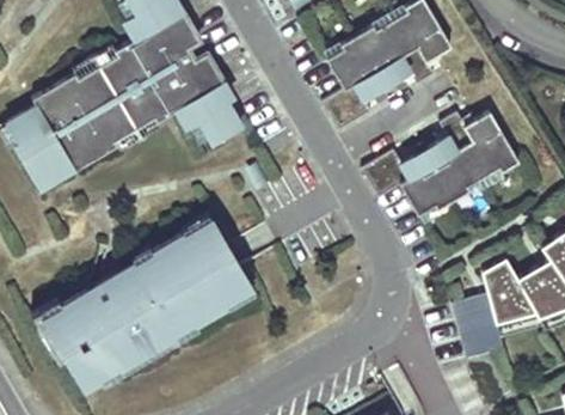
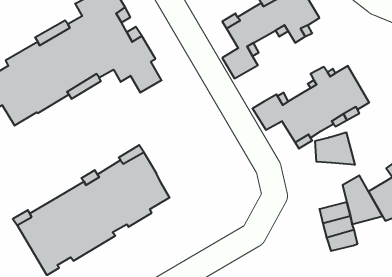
building: none -> [315,132,355,165]

